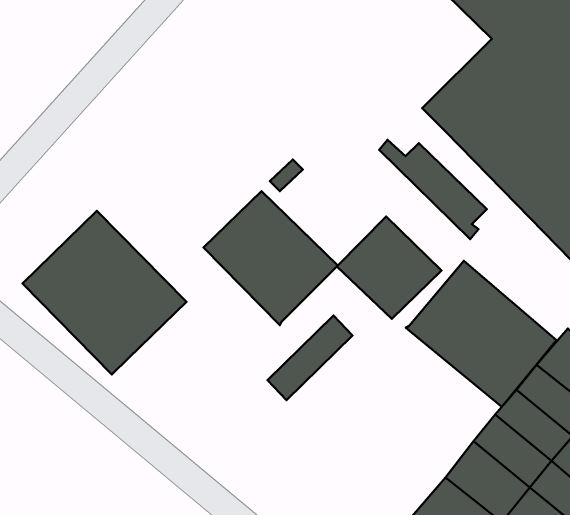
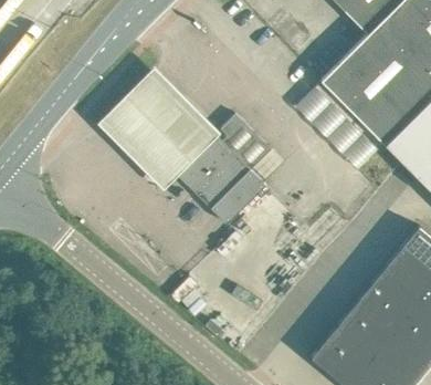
building: [22,211,186,375] -> [105,73,214,183]
building: [337,216,441,319] -> none
building: [406,261,556,407] -> none
building: [267,316,353,400] -> none

